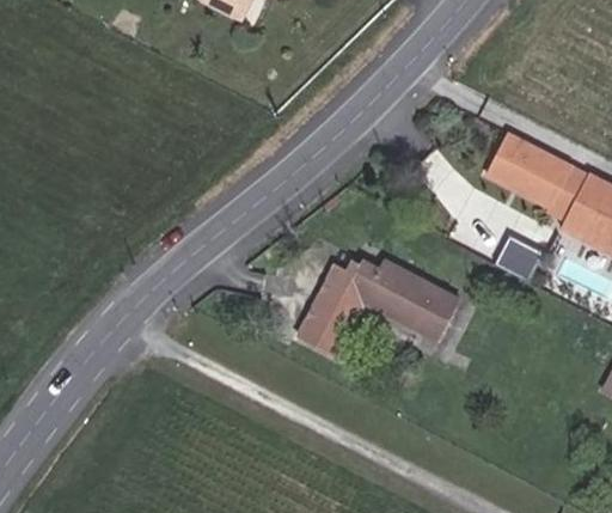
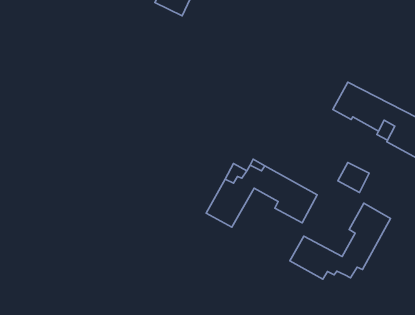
building: none -> [290,203,391,279]

